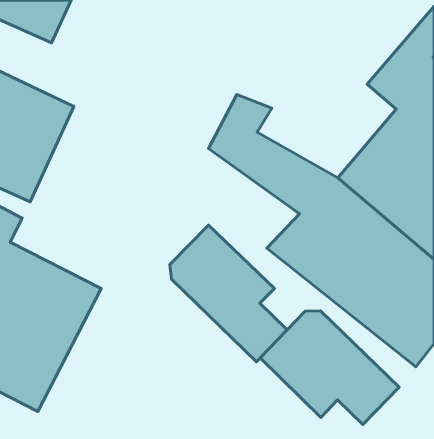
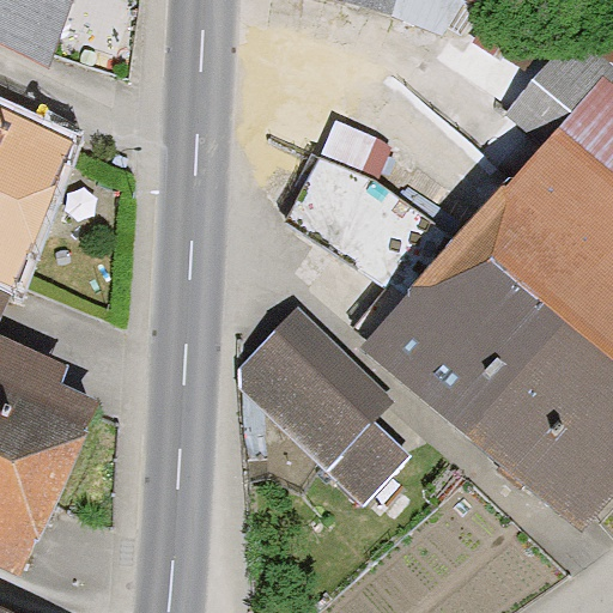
building: [260,311,399,425] -> none

